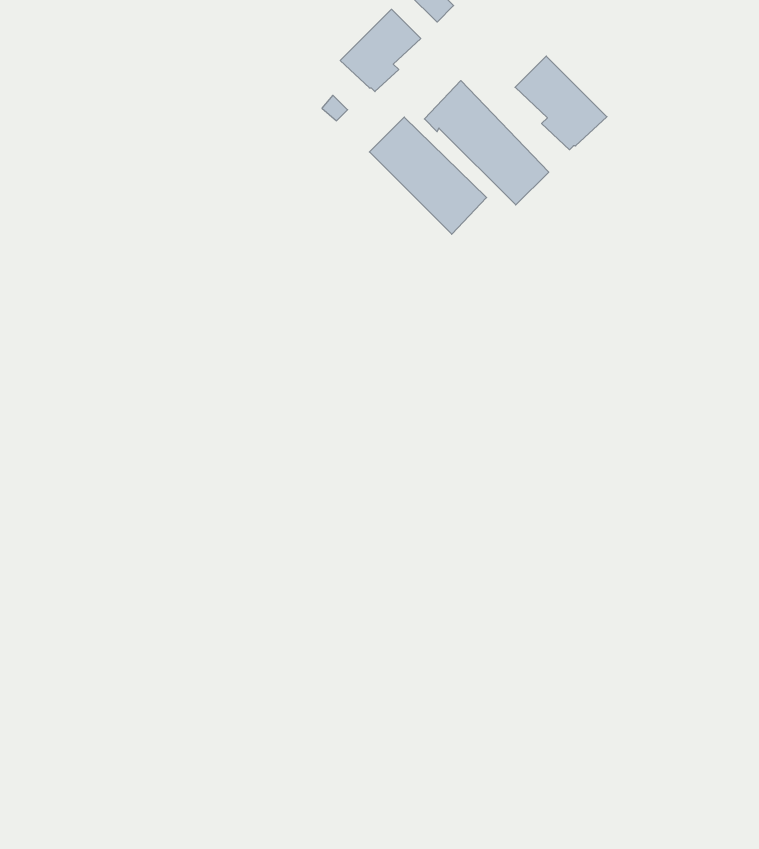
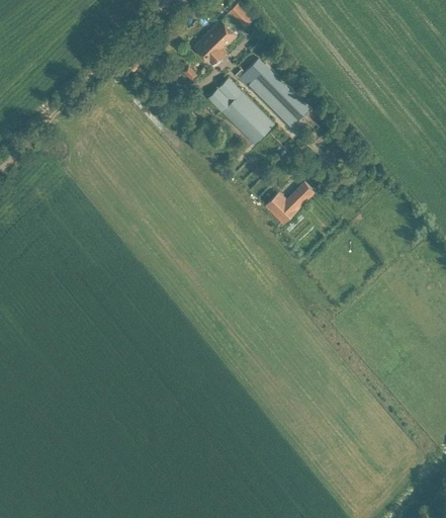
building: [515,56,607,150] -> none
building: none -> [265,182,315,224]

